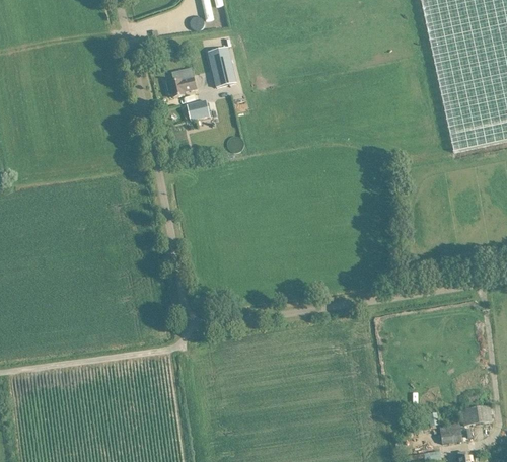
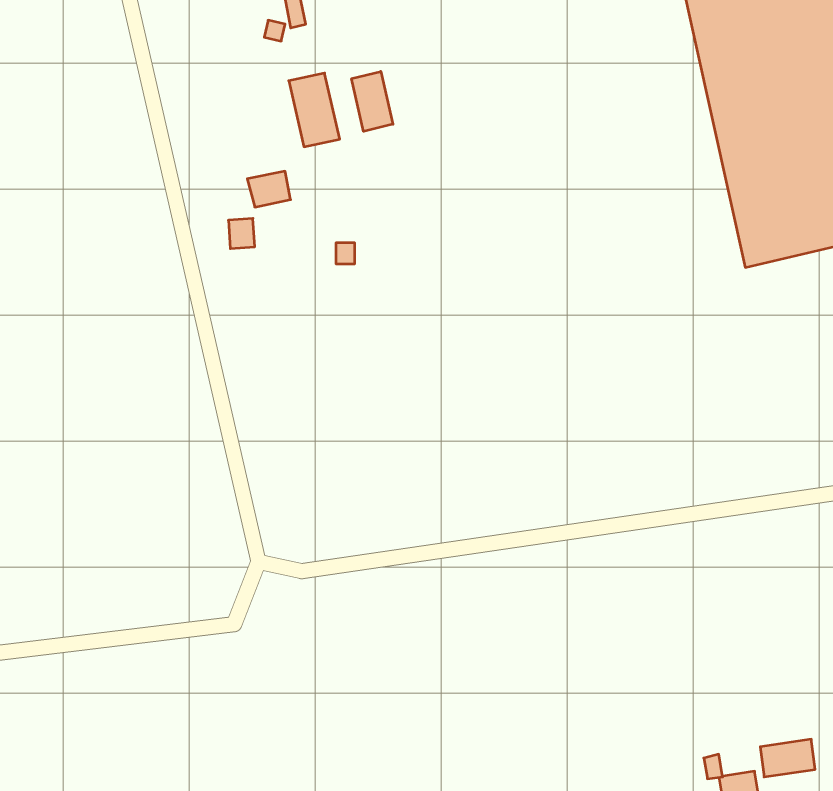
building: none -> [352,71,393,131]
building: [167,67,197,96] -> none

